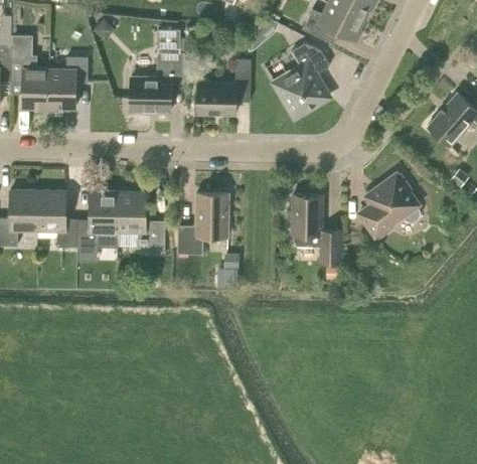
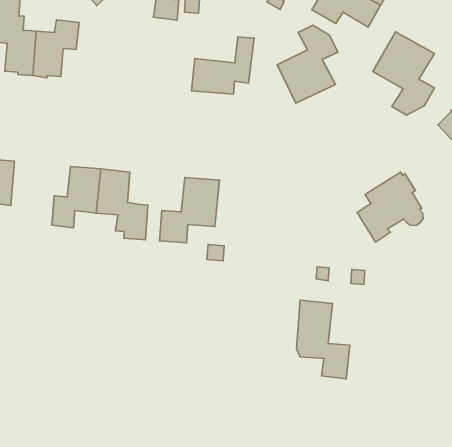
building: none -> [373,32,435,115]
building: [130,52,183,112] -> none
building: [37,190,76,247] -> none
building: [292,194,341,264] -> [296,300,350,379]

